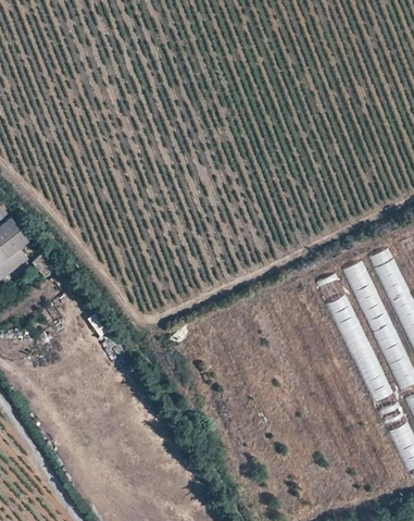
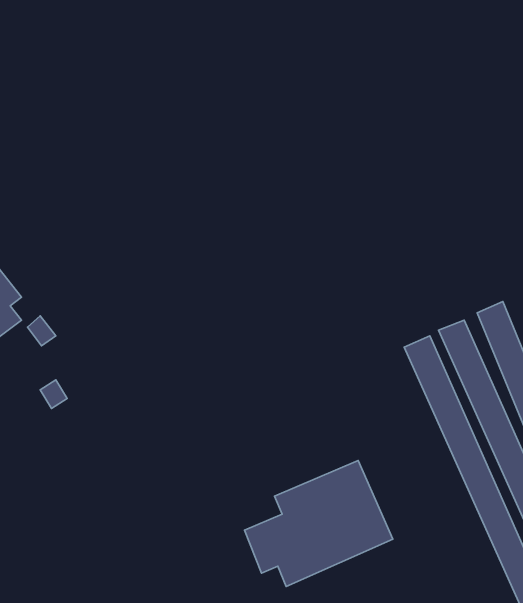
building: none -> [244,461,393,586]

